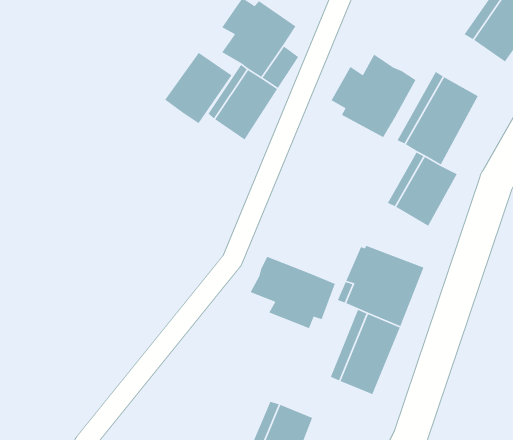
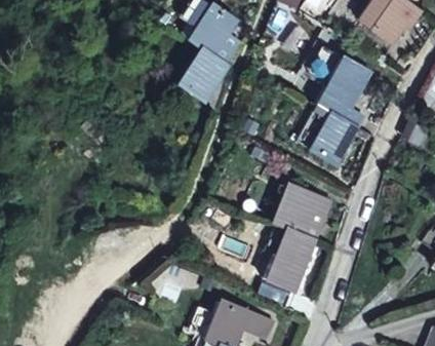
building: [164,52,233,124] -> none
building: [331,54,416,138] -> none
building: [250,256,336,329] -> none

